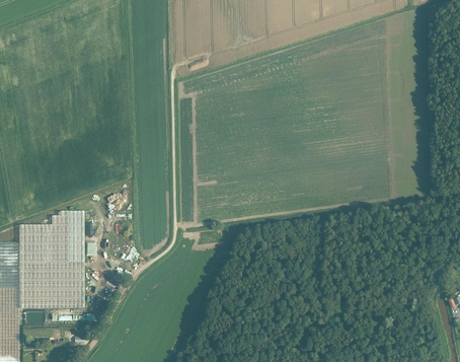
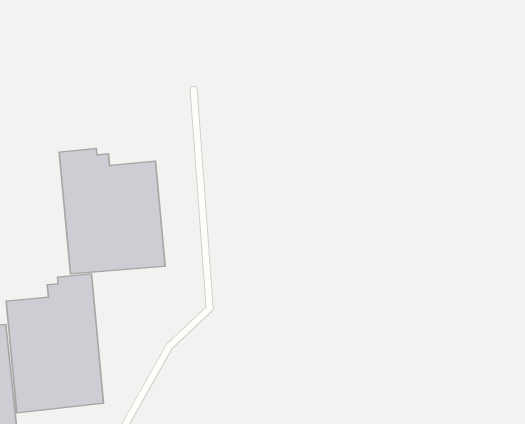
building: none -> [59,149,165,274]

